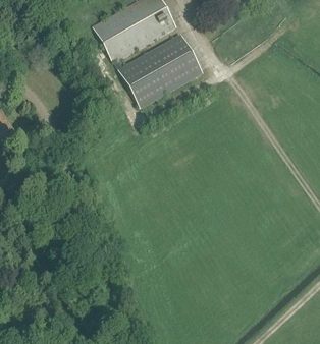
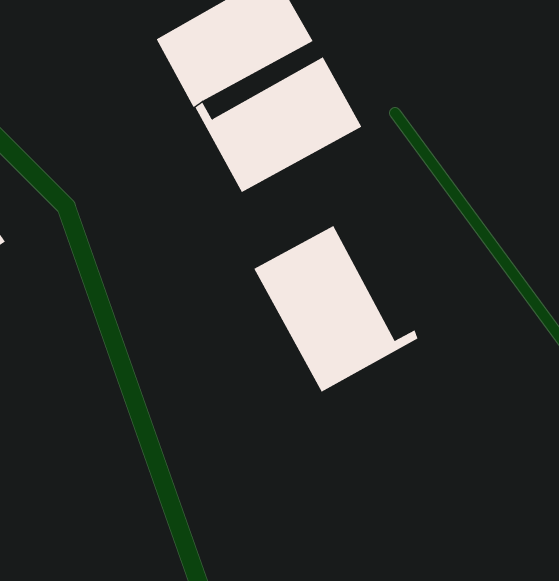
building: none -> [254,225,418,392]

